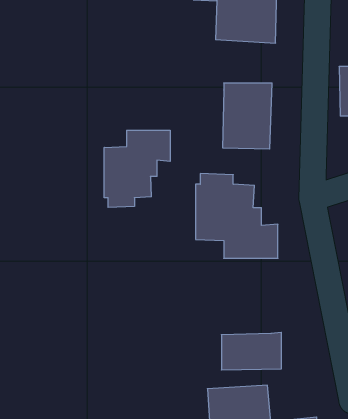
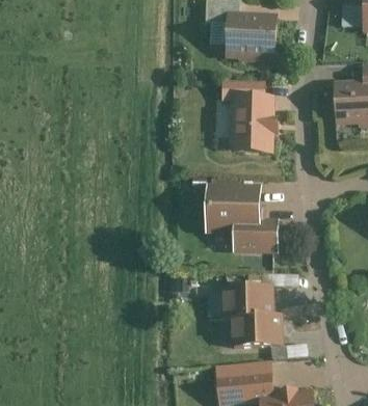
building: none -> [220,81,263,101]
building: [104,130,170,207] -> none
building: none -> [218,286,271,317]

